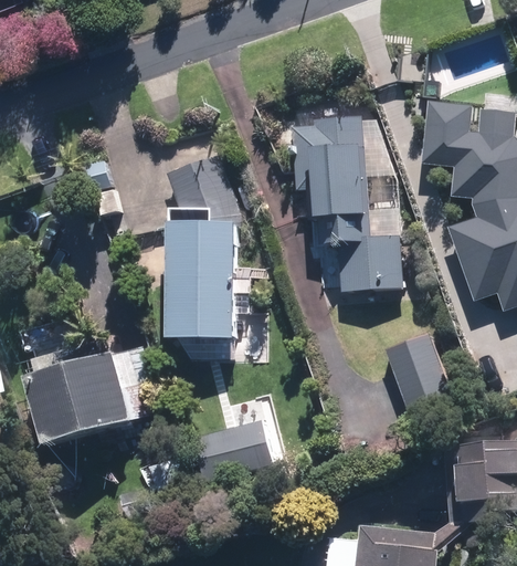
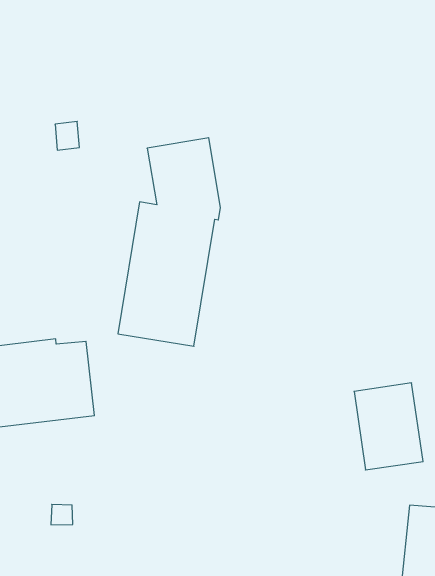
building: [291,115,401,290] -> none
building: [191,418,272,480] -> none

